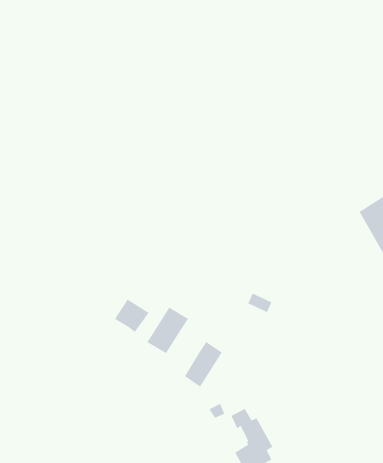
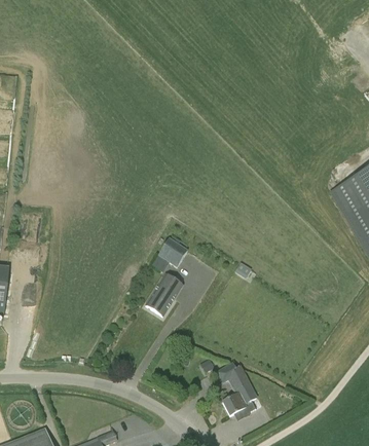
building: [114,299,149,333] -> [157,236,188,266]
building: [184,341,222,387] -> none

